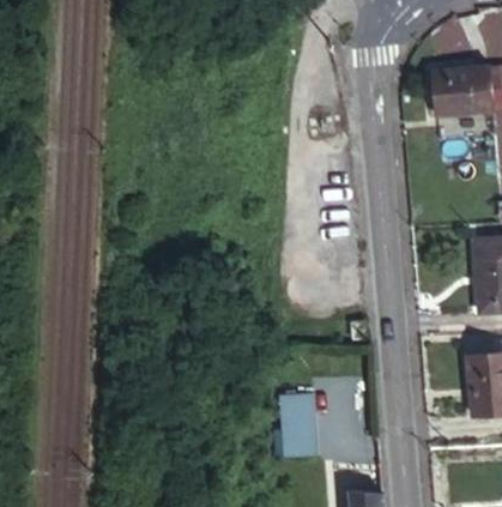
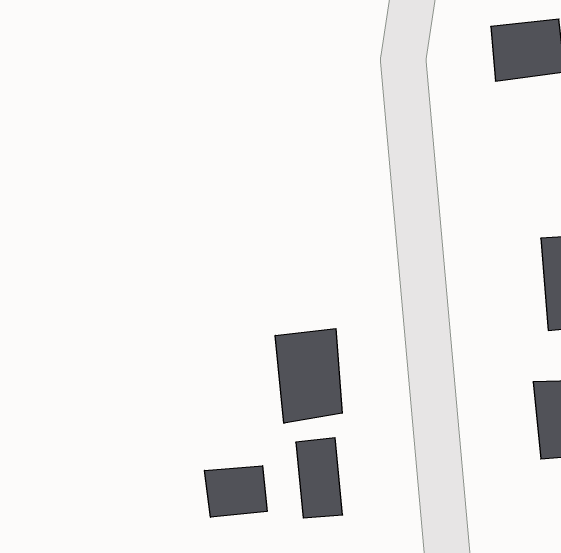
building: none -> [275,329,342,423]
building: none -> [205,466,267,517]

